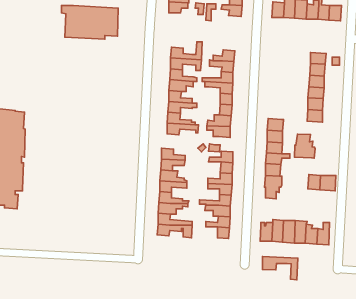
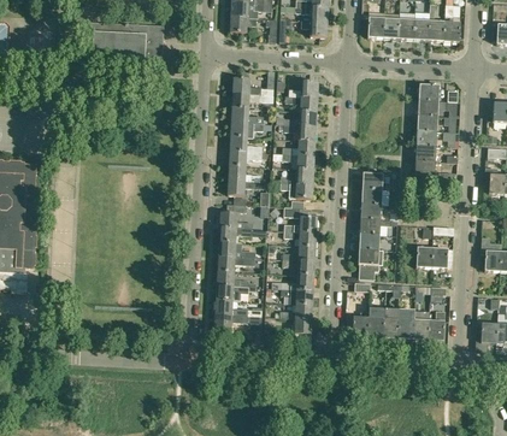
building: [294,134,315,158] -> none
building: [262,257,298,280] -> none

